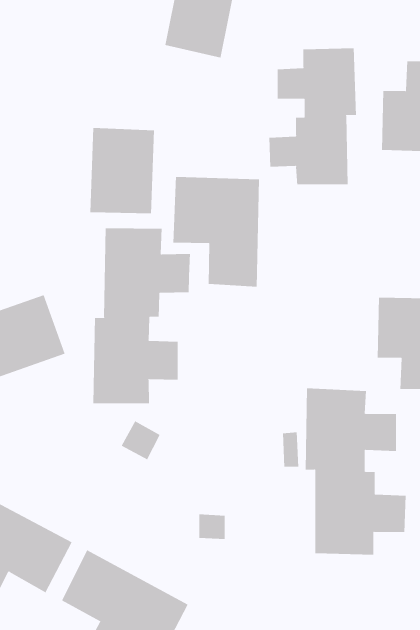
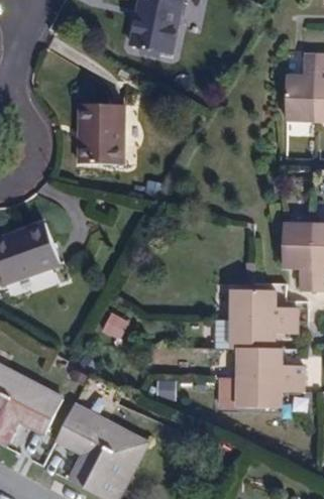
building: [269,48,357,185] -> none
building: [173,176,260,287] -> none
building: [93,228,190,404] -> none

